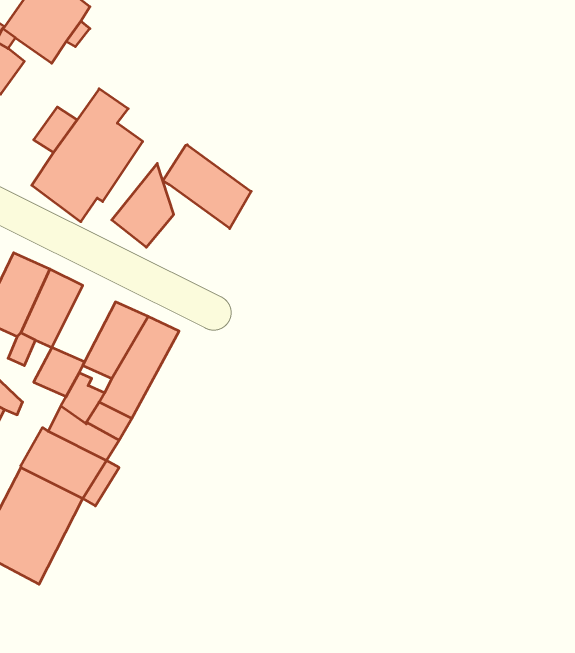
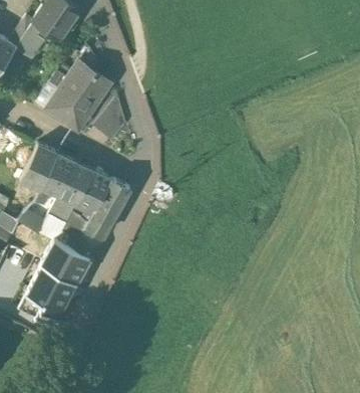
building: [163,145,251,229] -> none
building: none -> [59,163,94,205]

